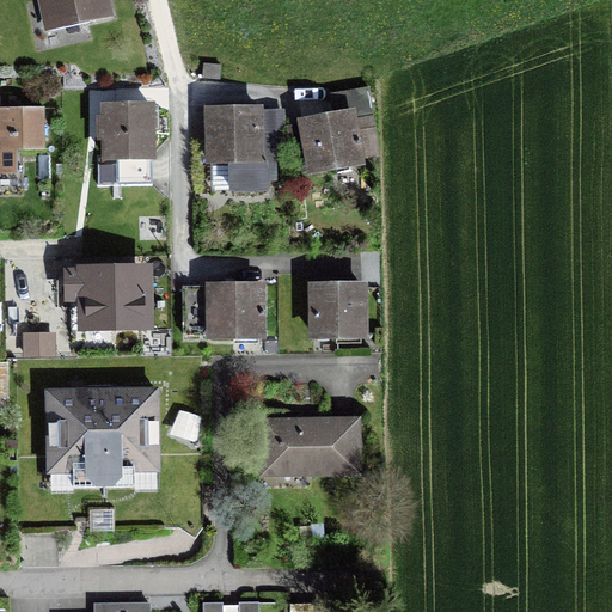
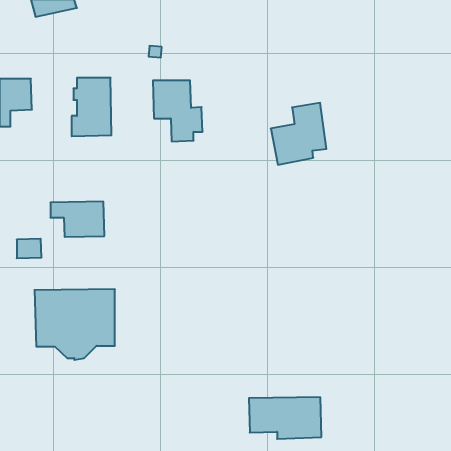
building: [300,86,375,170] -> [271,103,326,165]
building: [312,284,362,335] -> none
building: [209,286,259,335] -> none
building: [259,418,357,475] -> [249,397,321,439]

